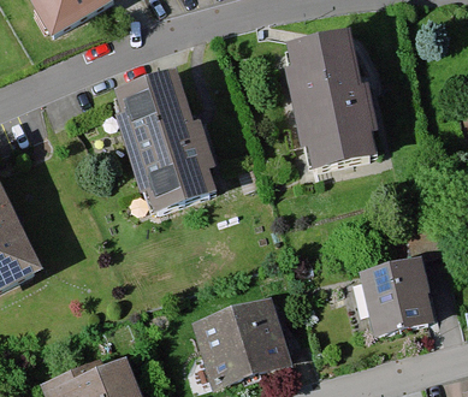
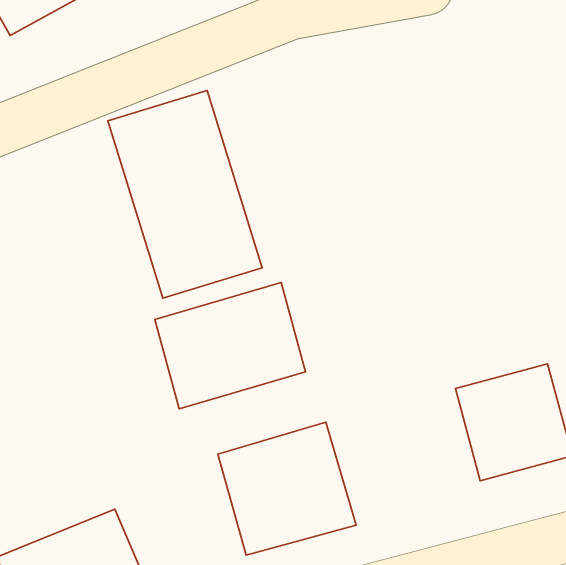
building: [290,30,375,164] -> none
building: none -> [155,283,305,409]

